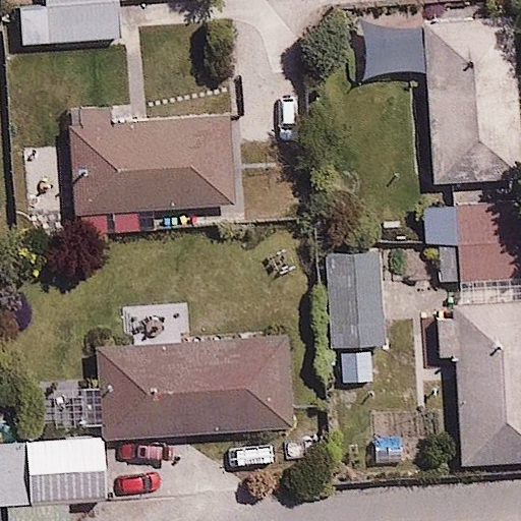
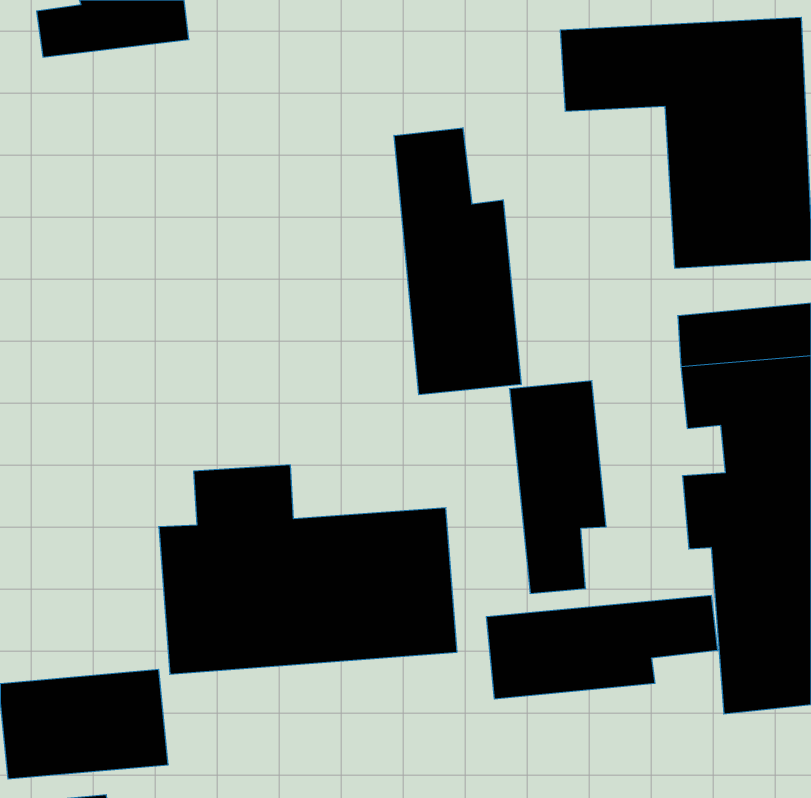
building: none -> [394,128,521,395]
building: [68,112,230,209] -> none
building: none -> [486,595,717,699]

